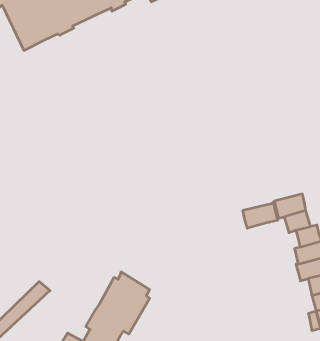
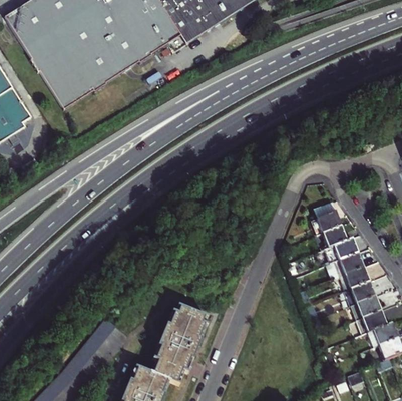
building: [243,202,278,228] -> none

